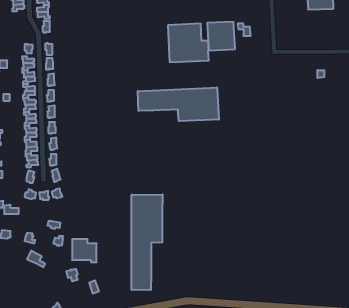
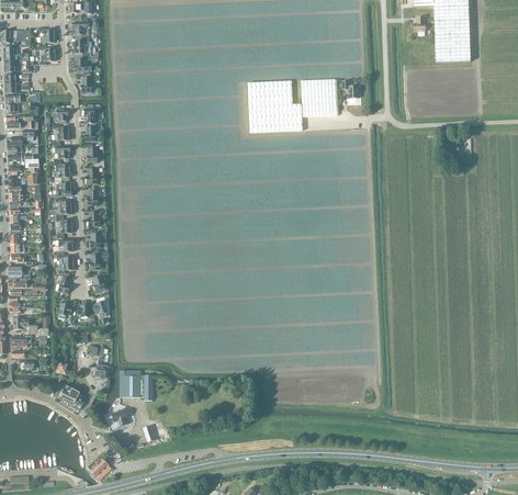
building: [138,87,219,121] -> none
building: [132,194,163,290] -> none

